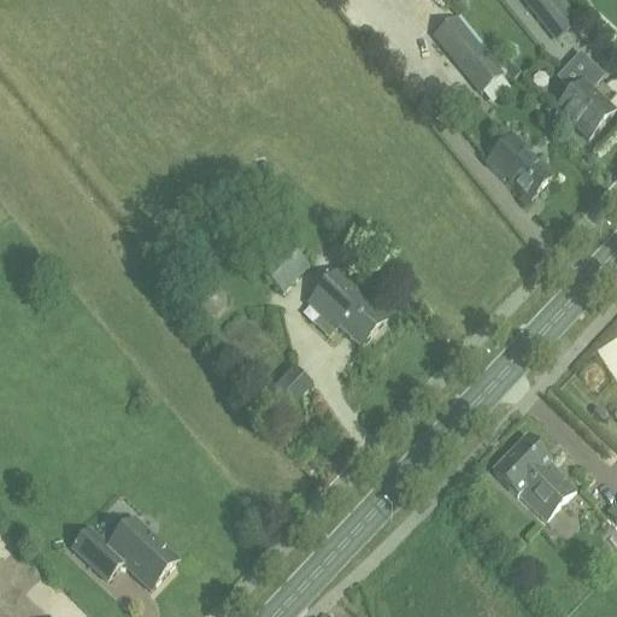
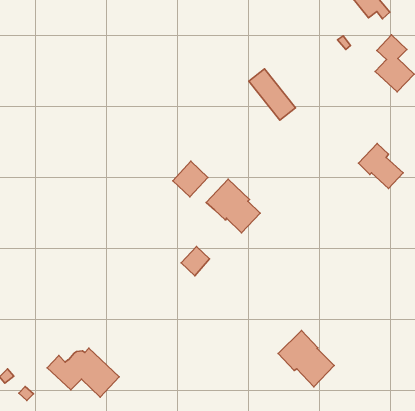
building: [431,14,500,90] -> [249,69,295,120]
building: [483,131,550,198] -> [358,144,403,188]
building: [489,435,572,518] -> [278,331,334,387]

